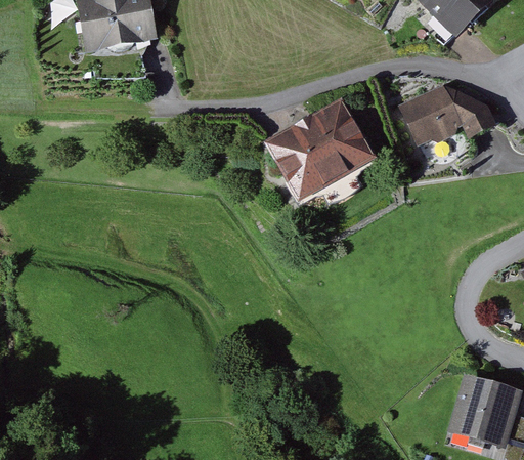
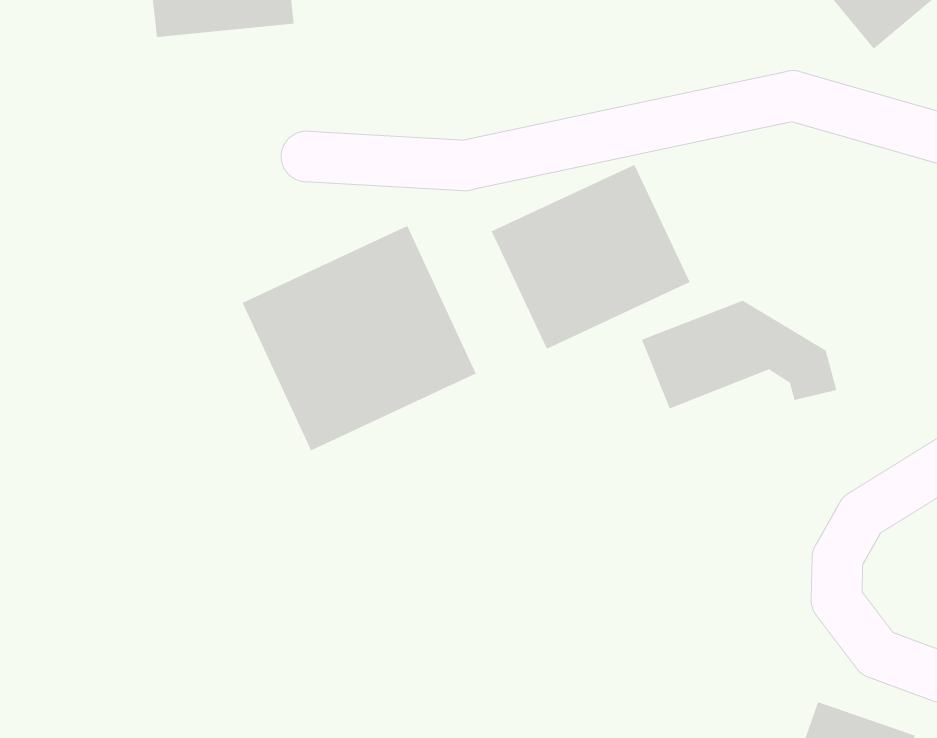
building: [394,84,499,144] -> [641,300,837,409]
building: none -> [242,225,476,451]

